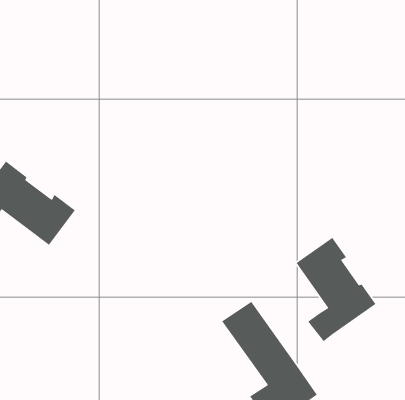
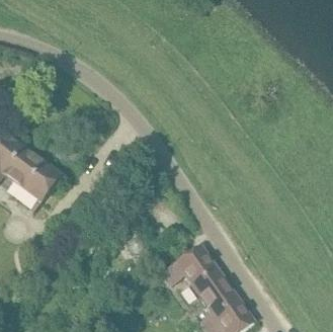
building: [295,237,377,342] -> none

